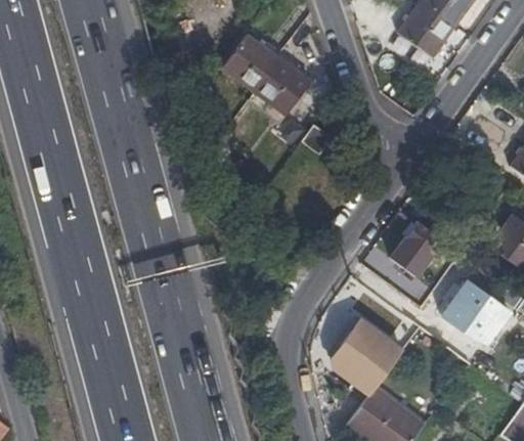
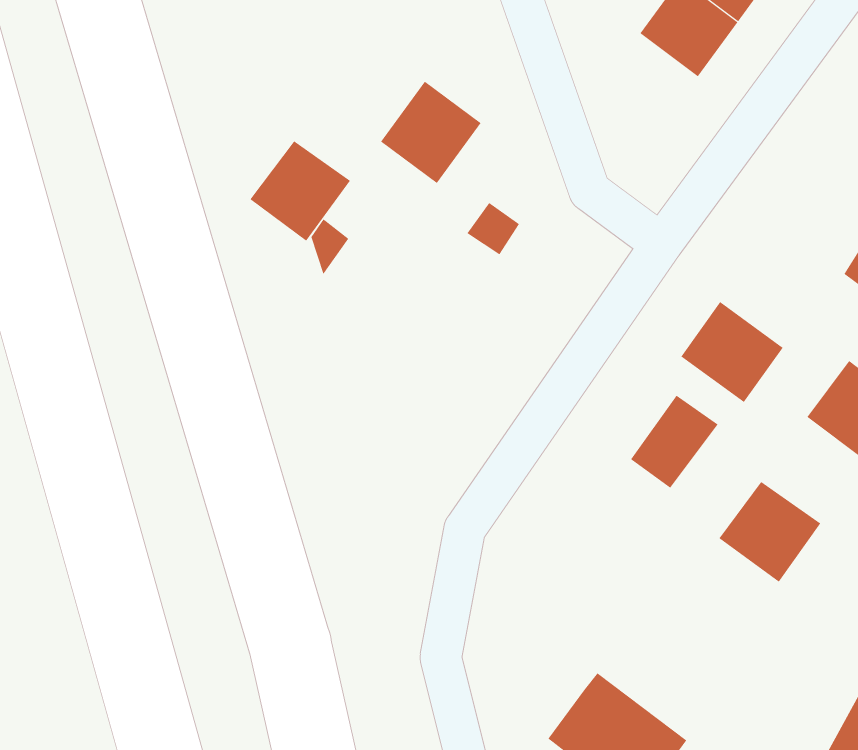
building: [223,35,279,91] -> [250,141,351,242]
building: none -> [681,301,783,403]
building: [331,317,403,396] -> none

